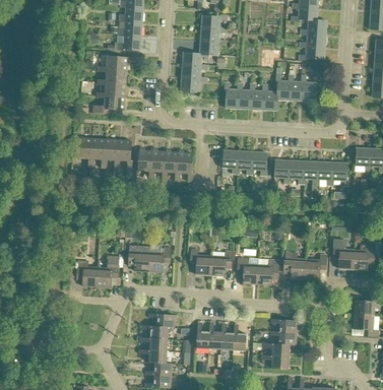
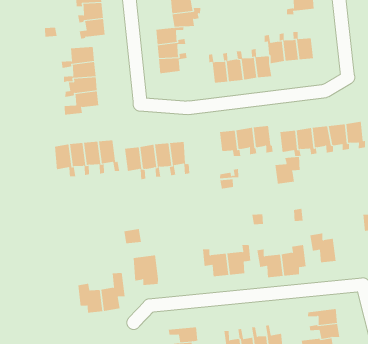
building: none -> [275,156,300,185]
building: [148,243,171,271] -> none
building: [305,254,327,278] -> none

